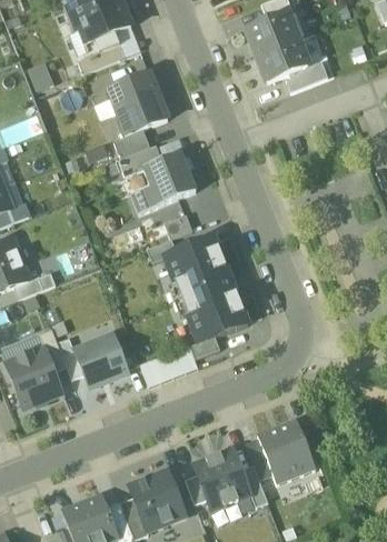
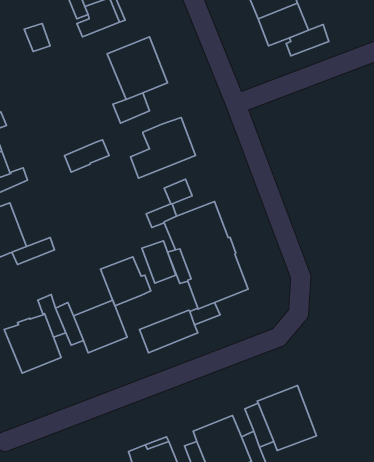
building: [118,143,162,175] -> [64,140,109,172]
building: none -> [142,241,176,283]
building: none -> [101,257,151,306]

